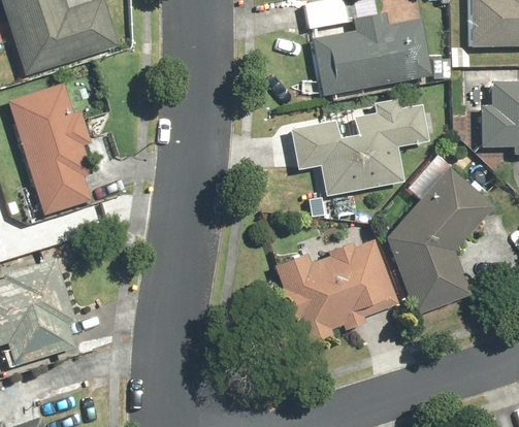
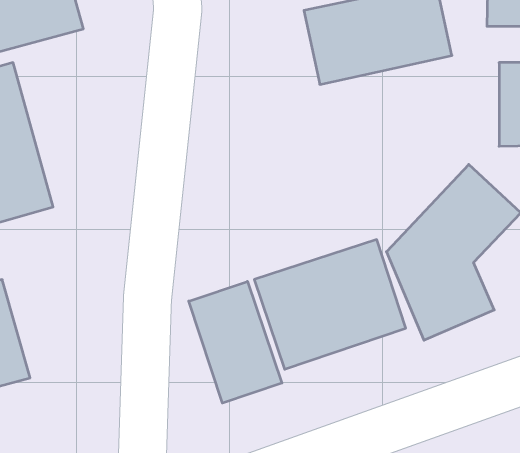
building: [285,98,431,199] -> none
building: none -> [189,281,282,403]

